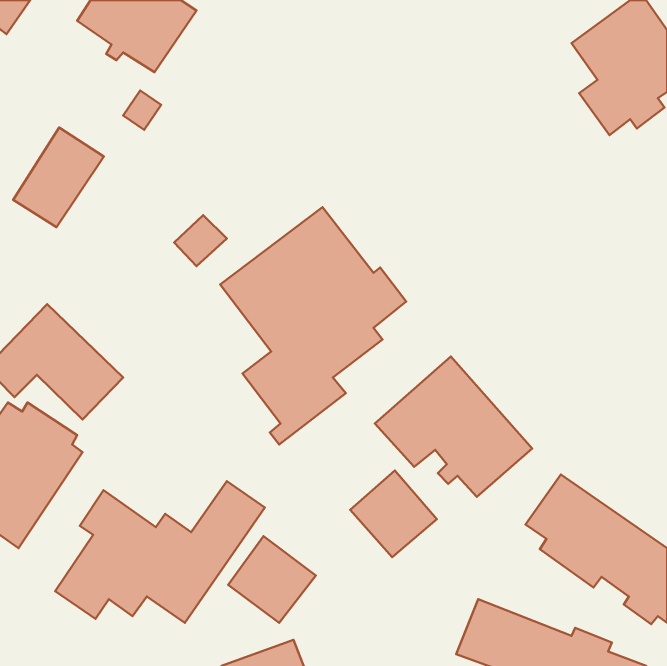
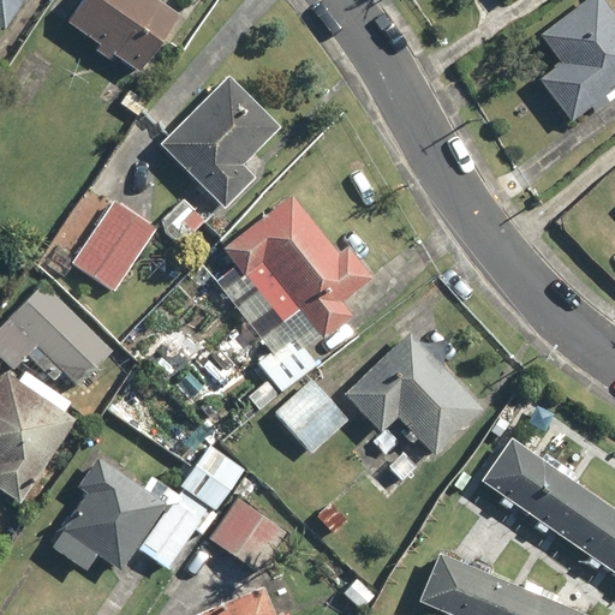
building: none -> [161,74,281,208]
building: [13,128,104,227] -> [72,201,155,292]
building: [350,471,437,557] -> [271,378,351,458]

